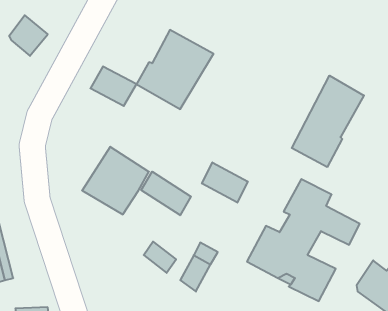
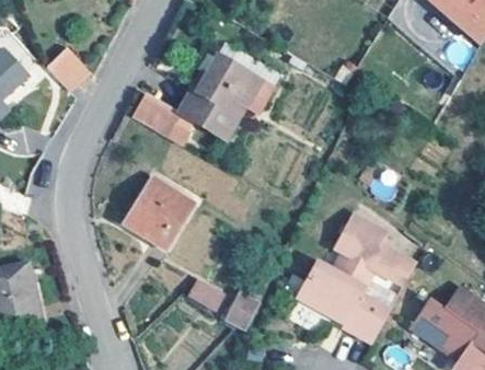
building: [292,76,364,167] -> none
building: [202,162,248,203] -> none
building: [141,172,191,215] -> none

